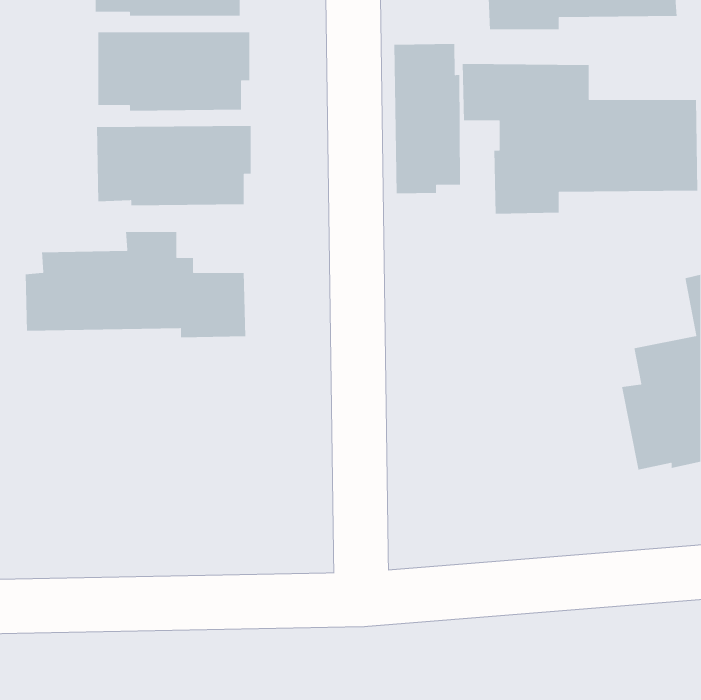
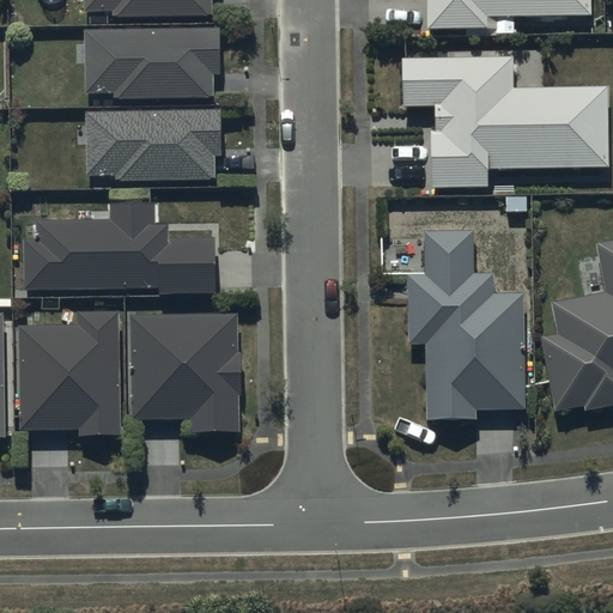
building: [393,43,461,194] -> none
building: none -> [406,231,524,417]
building: none -> [18,311,120,433]
building: none -> [129,314,239,431]

